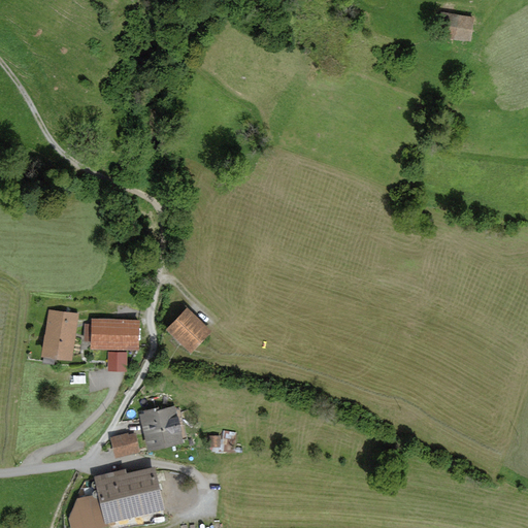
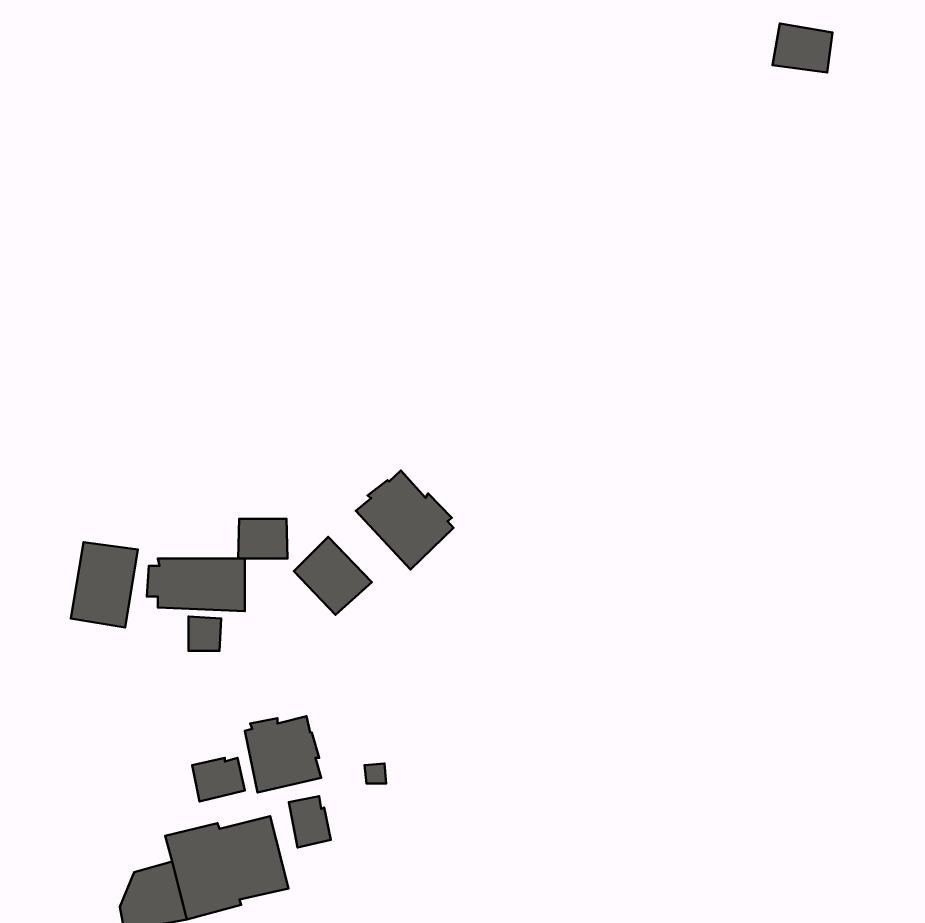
building: none -> [356,471,454,569]
building: none -> [238,519,288,559]
building: none -> [289,796,331,847]

